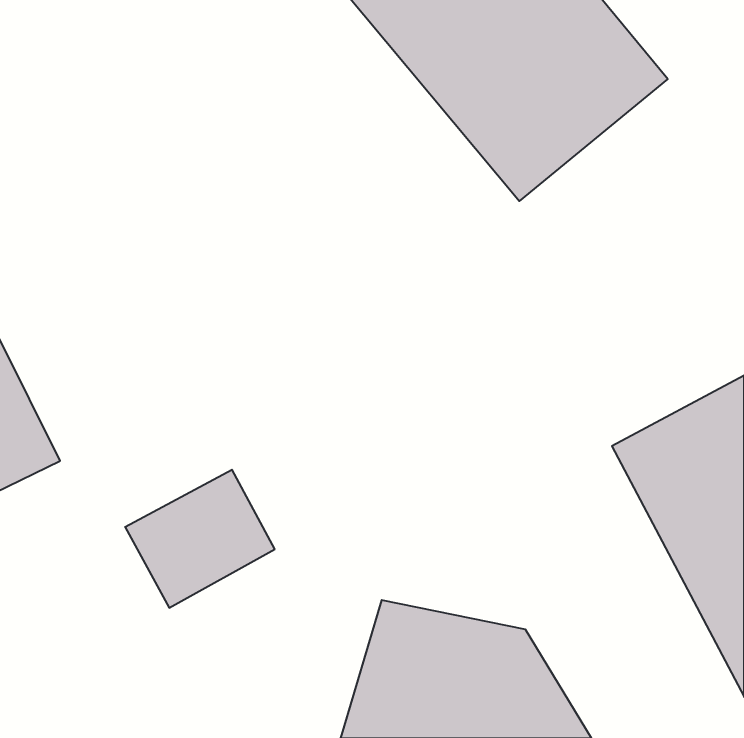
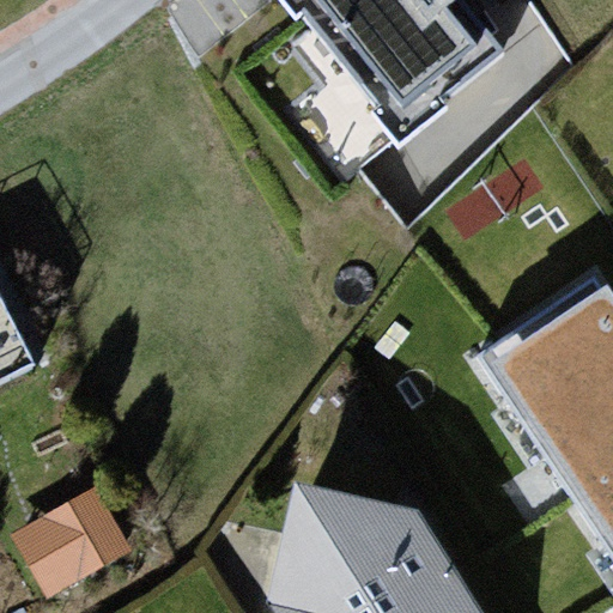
building: [125,470,275,608] -> [5,477,127,589]

